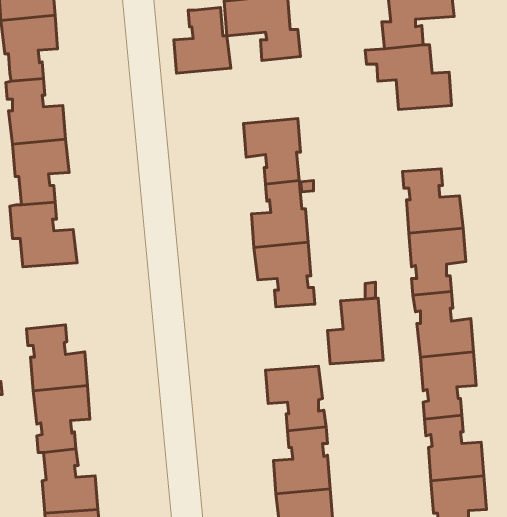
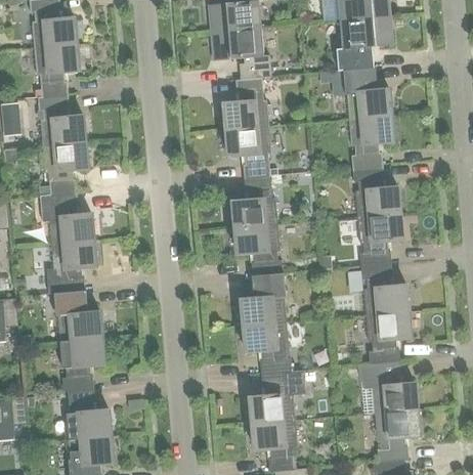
building: [174,8,231,73] -> [224,78,269,130]
building: none -> [349,116,393,168]
building: none -> [47,241,96,293]
building: [328,298,383,364] -> [242,273,286,326]

